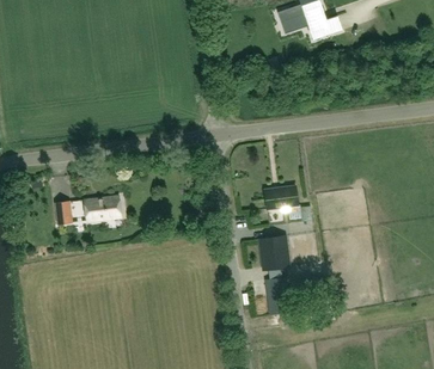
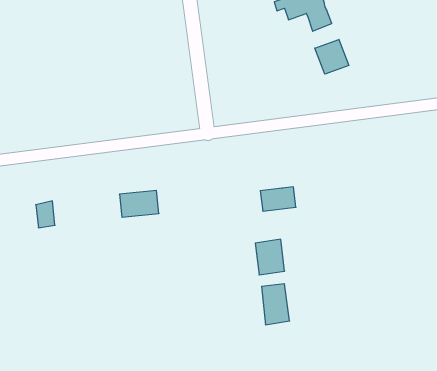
building: none -> [315,39,349,74]
building: [84,196,121,221] -> [119,190,159,217]

